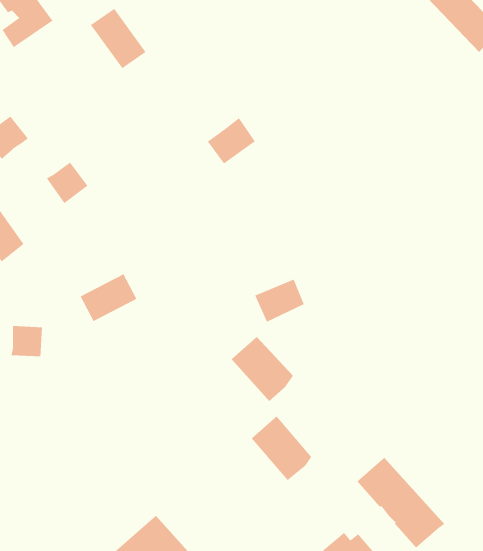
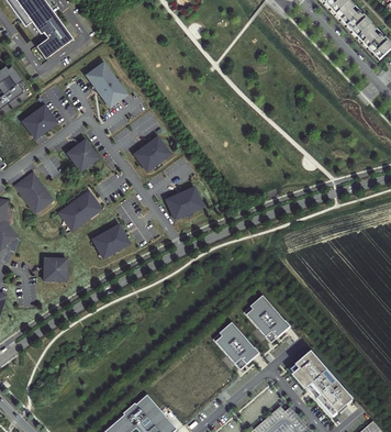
building: [90,8,147,69] -> [86,63,126,107]
building: [207,117,256,164] -> [135,137,170,171]
building: none -> [59,191,100,229]
building: [254,278,305,323] -> [165,187,201,219]
building: [231,336,294,402] -> [244,296,289,343]

